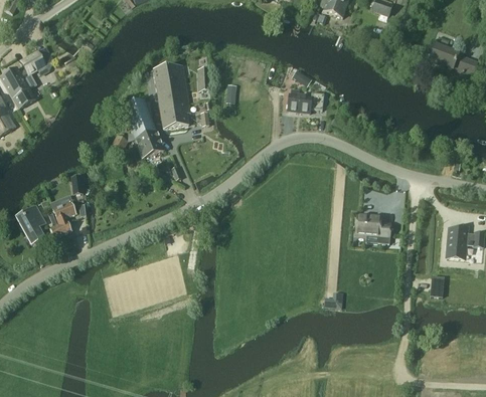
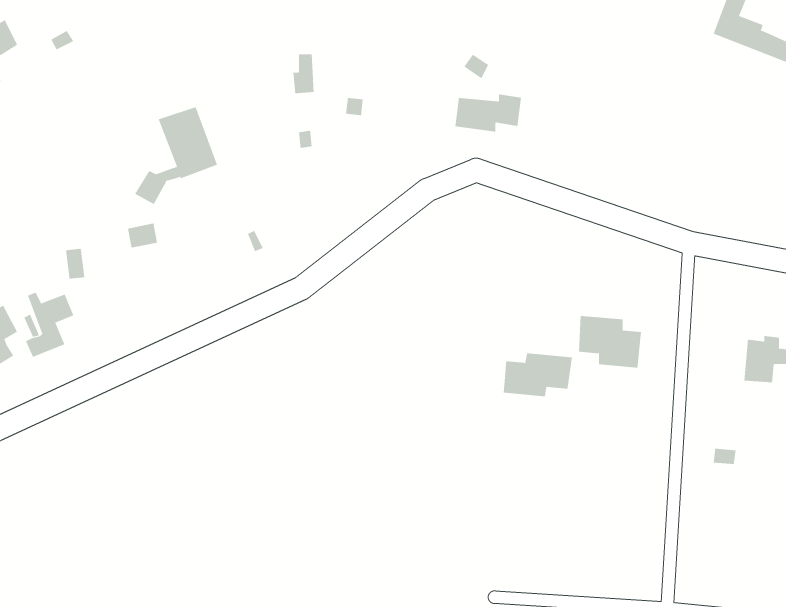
building: [155,65,190,128] -> none
building: [135,131,163,158] -> none
building: none -> [503,353,572,397]

